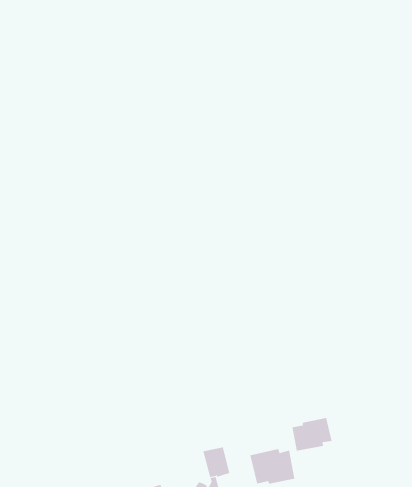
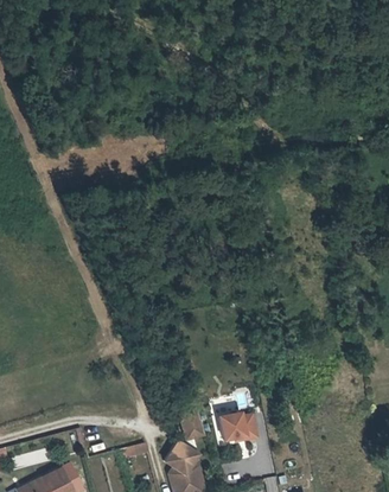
building: [292,417,332,452] -> none

